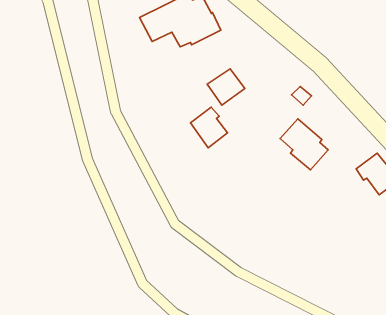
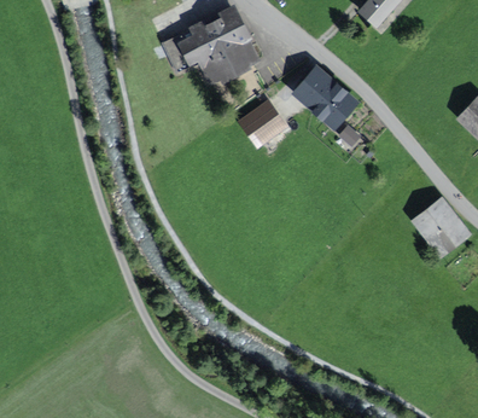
building: [191,107,227,148] -> none
building: [280,119,328,170] -> [297,66,352,126]

